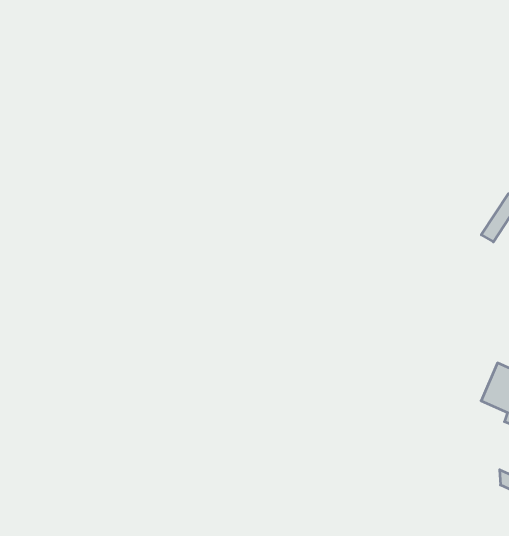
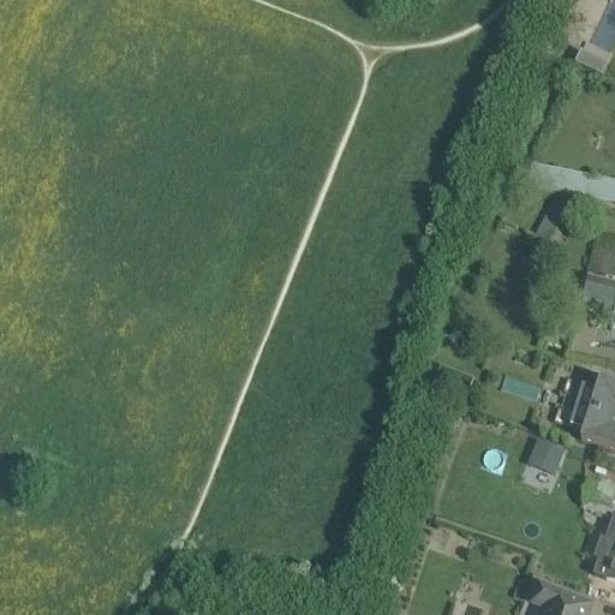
building: none -> [529,436,565,472]

